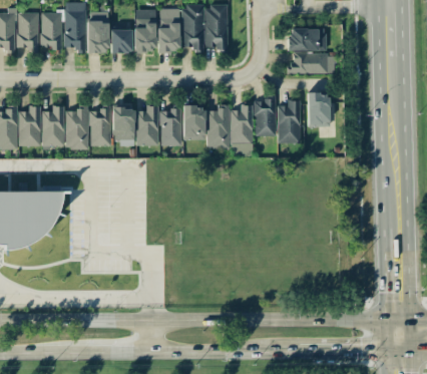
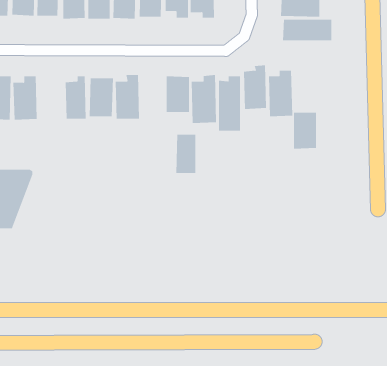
building: [308,93,330,127] -> [293,112,317,149]
building: [65,108,89,149] -> none
building: [161,109,180,145] -> [175,134,196,173]

